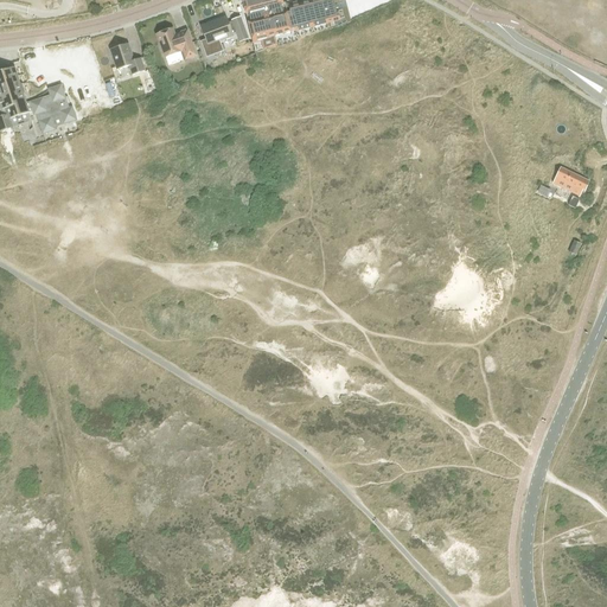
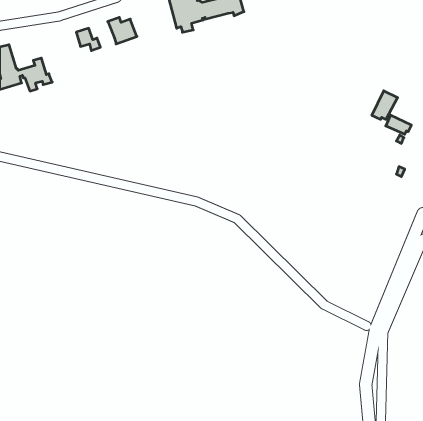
building: [199,14,247,53] -> none
building: none -> [372,91,398,119]

